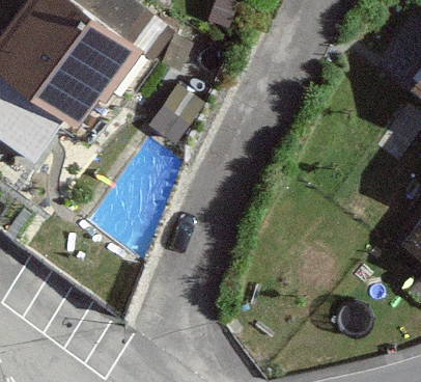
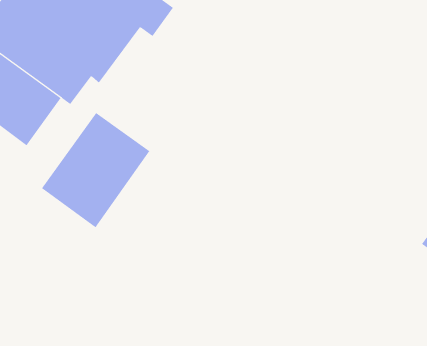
building: none -> [41,112,150,228]

